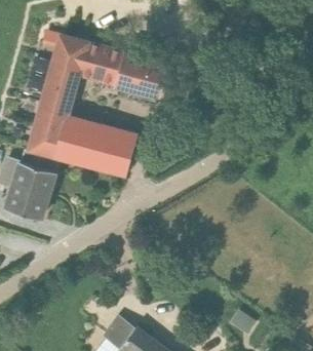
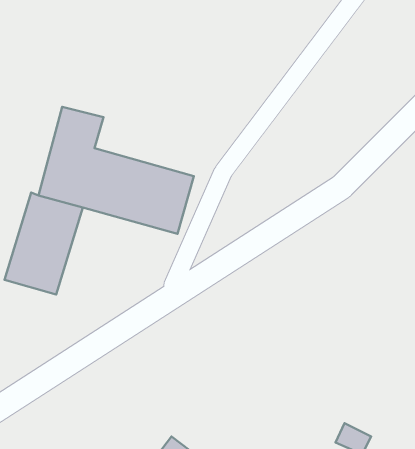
building: [45,35,168,96] -> none

